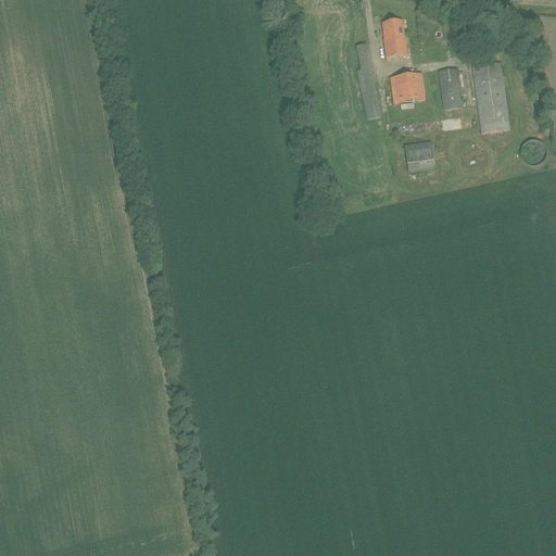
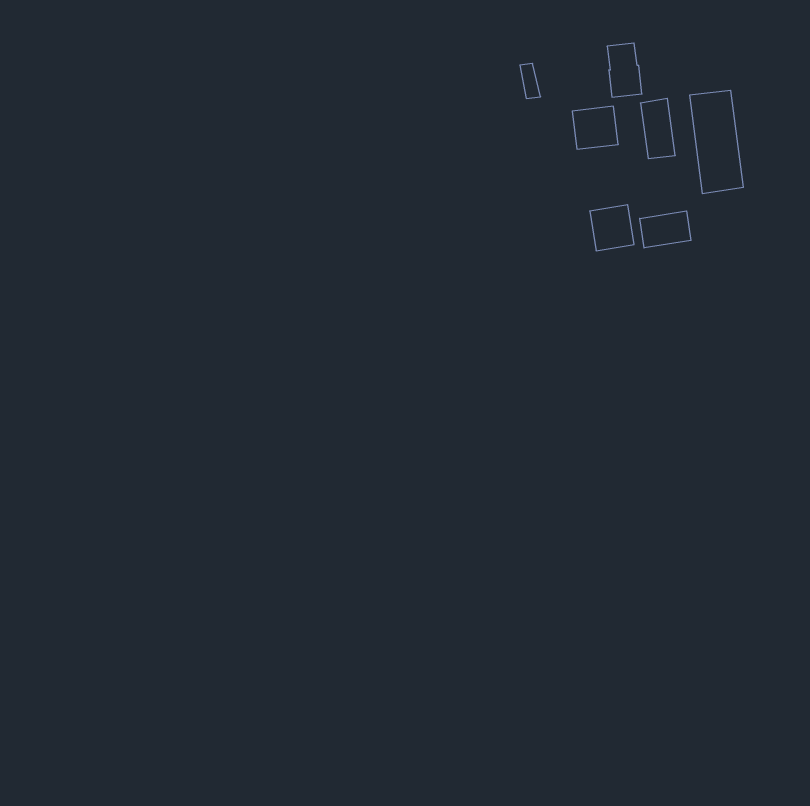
building: [383,20,407,56] -> [607,43,642,97]
building: none -> [640,211,691,248]

